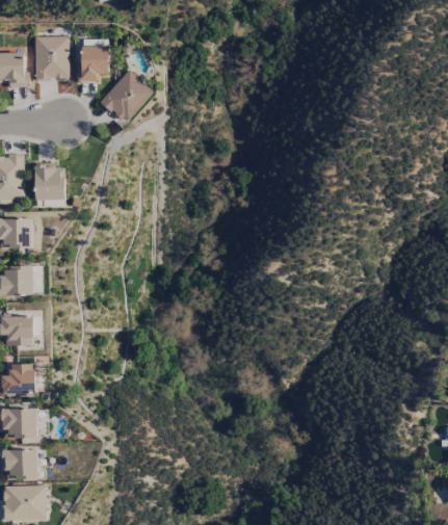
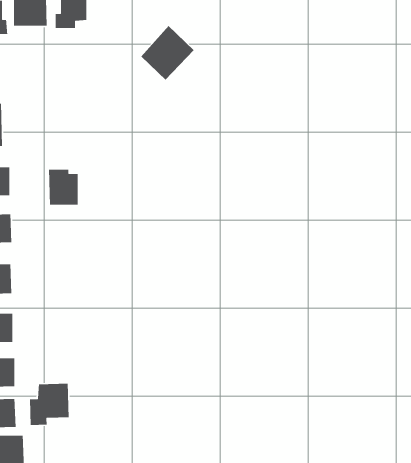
building: [100,69,154,124] -> [140,25,195,80]
building: [34,163,64,200] -> [48,169,78,205]
building: none -> [29,383,70,426]

